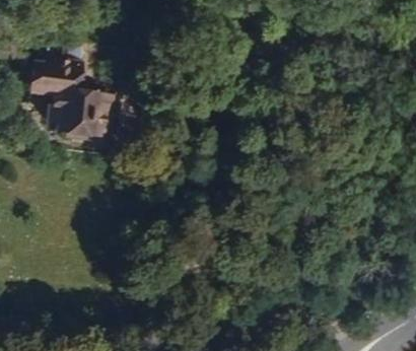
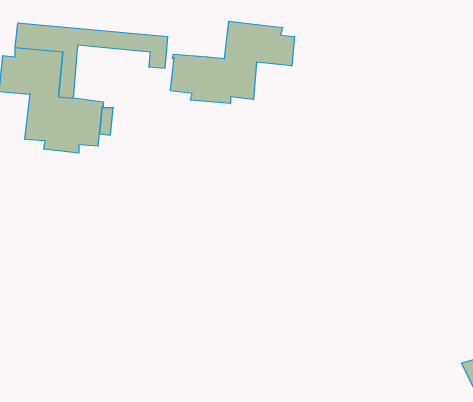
building: none -> [171,21,294,104]

